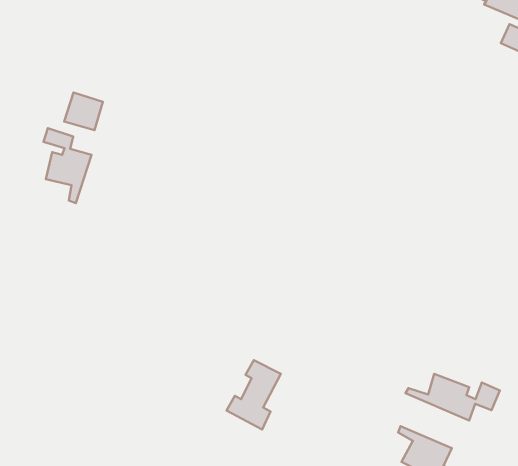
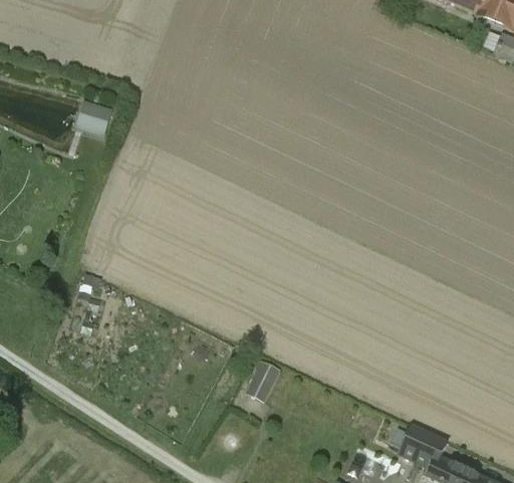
building: [43,128,91,203] -> none
building: [406,374,500,420] -> none

